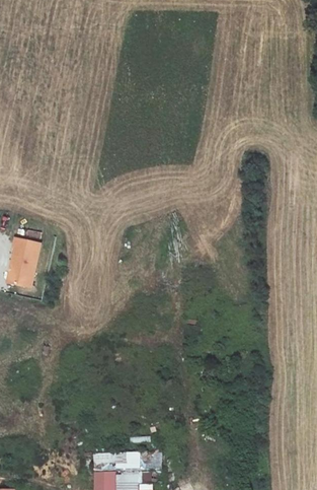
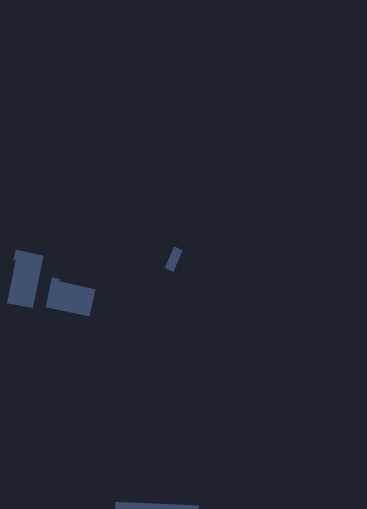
building: none -> [45,277,96,317]

